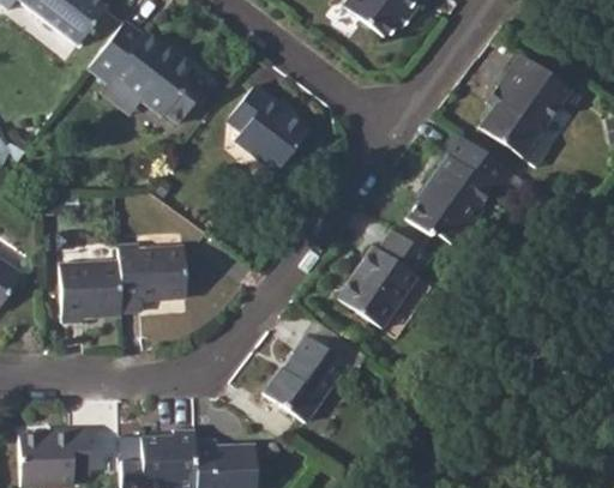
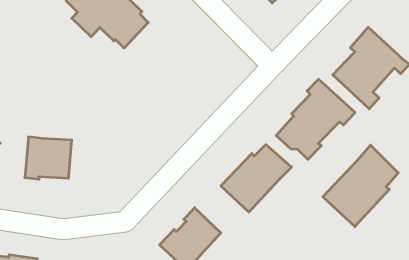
building: [229,88,309,174] -> none
building: none -> [323,145,398,227]
building: [121,245,218,309] -> none

